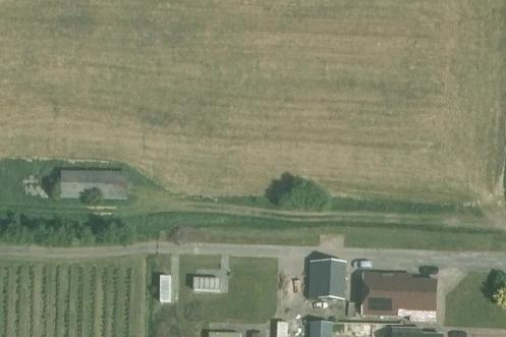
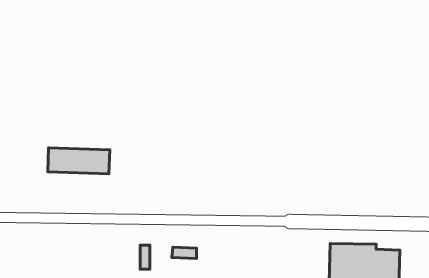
building: [311,260,347,299] -> none

